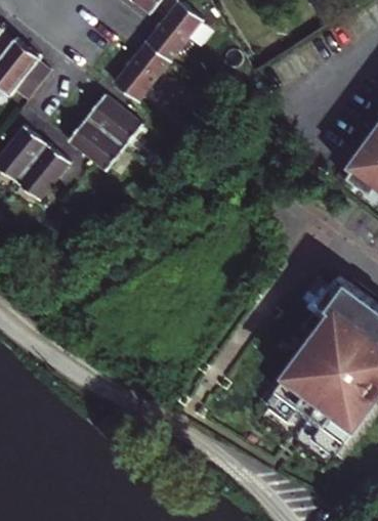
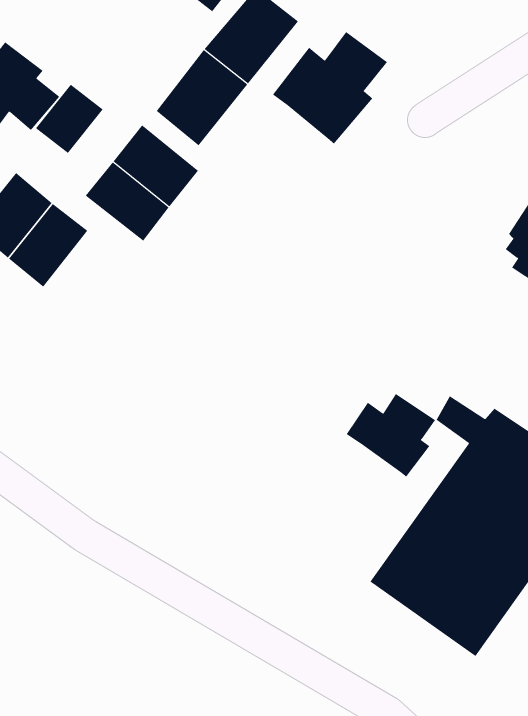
building: none -> [272,31,388,145]
building: none -> [35,84,104,154]
building: none -> [346,393,436,477]

